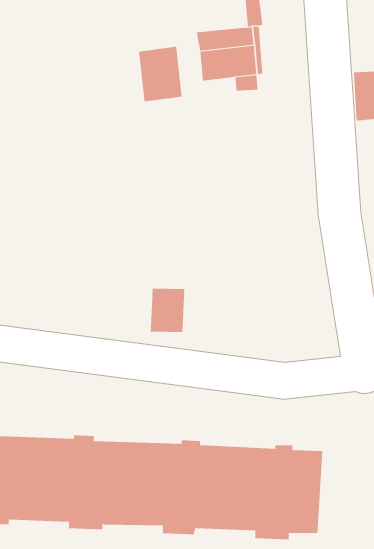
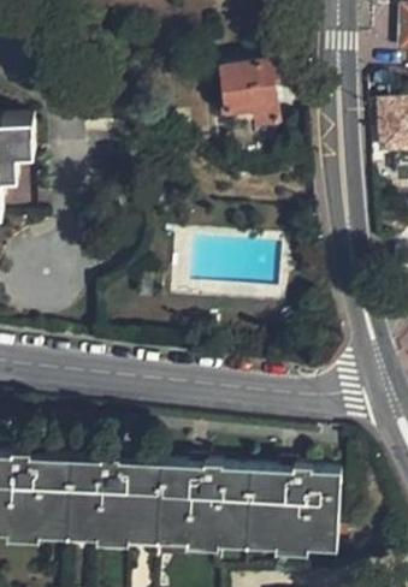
building: [138,46,182,102] -> none
building: [150,288,185,333] -> none

